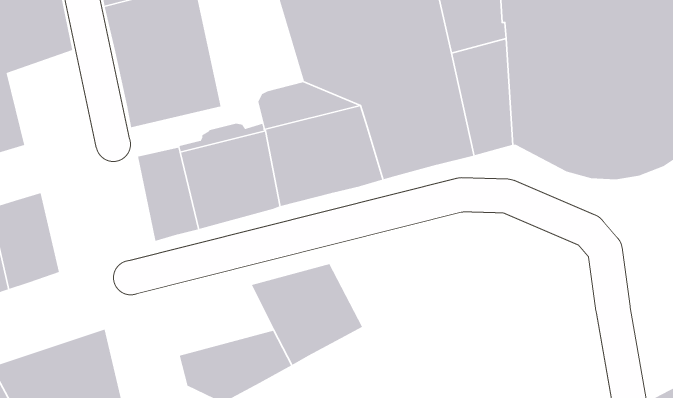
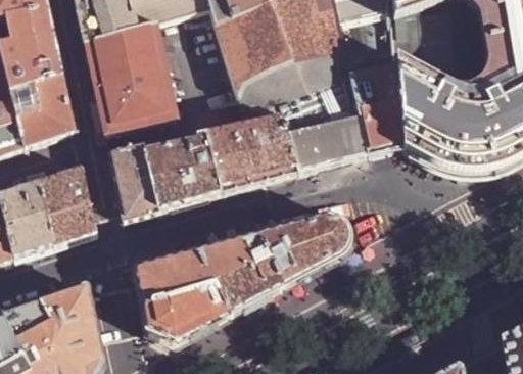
building: none -> [11,72,74,144]
building: none -> [37,166,94,241]
building: none -> [257,216,347,283]
building: none -> [136,250,215,305]

